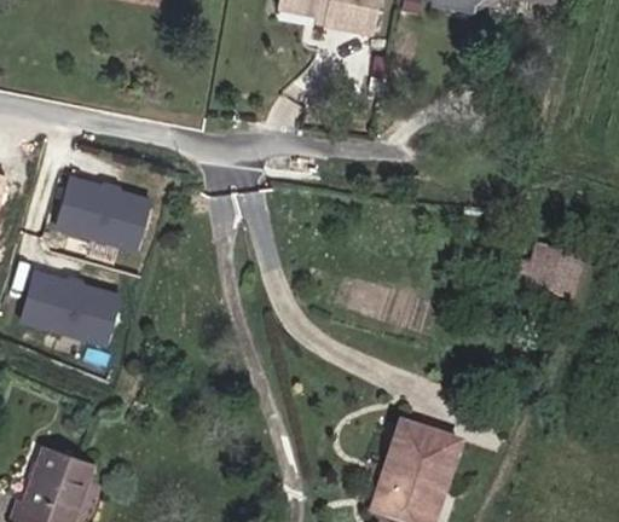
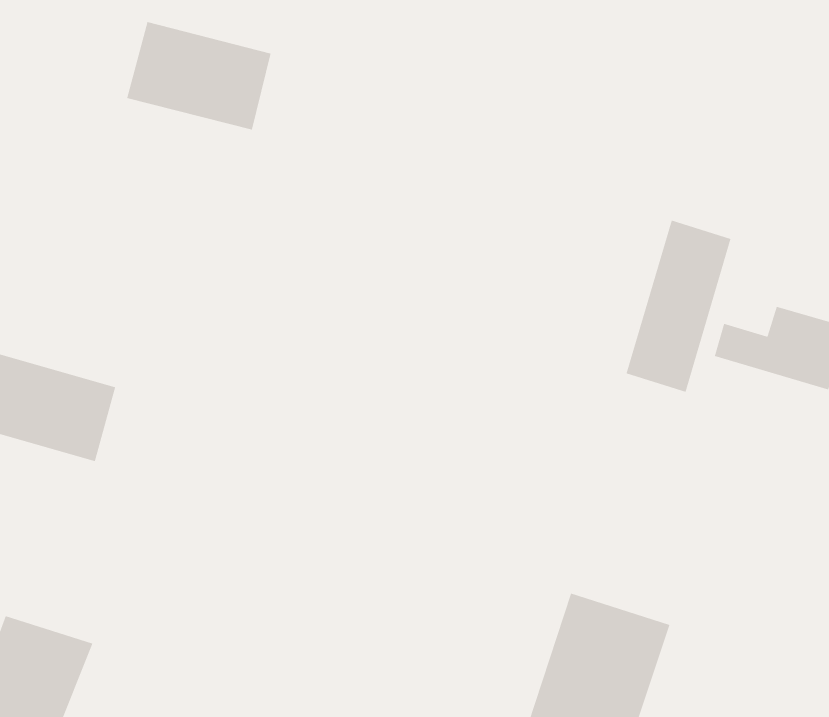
building: [48,176,141,246] -> [126,21,271,130]
building: none -> [626,220,732,393]

